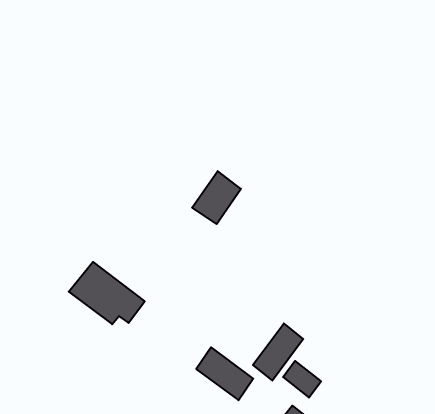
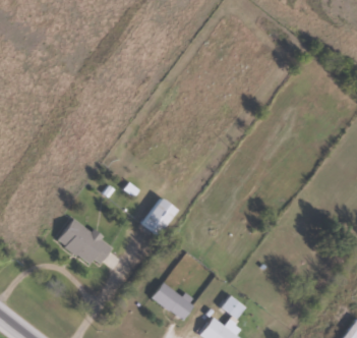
building: [192,171,241,224] -> [140,195,177,235]
building: [253,323,303,381] -> none

